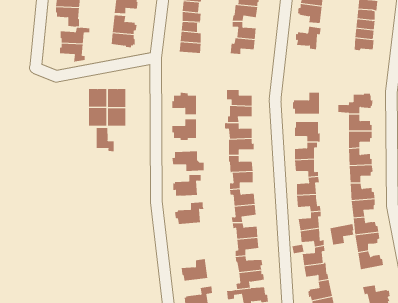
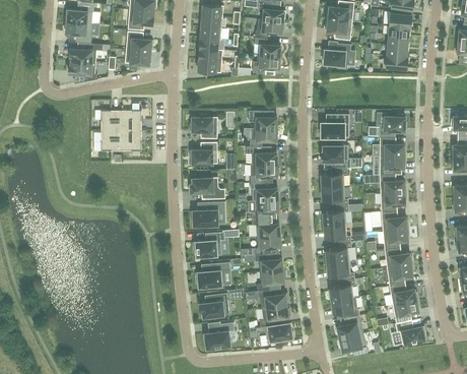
building: [96,127,114,152] -> none
building: [330,223,354,245] -> [393,300,419,323]
building: none -> [196,262,230,289]

